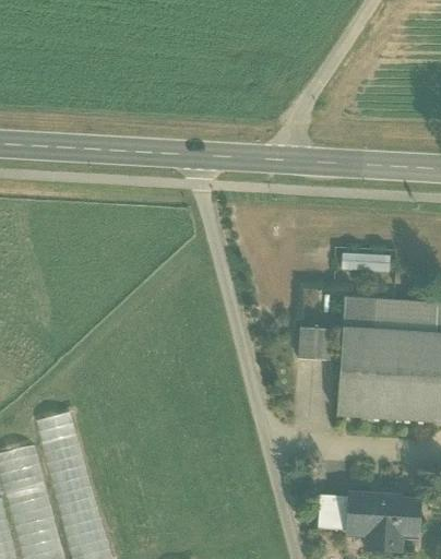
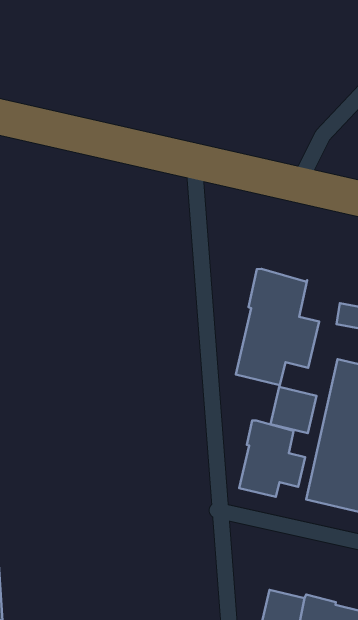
building: none -> [236,269,319,385]
building: none -> [239,420,305,497]

